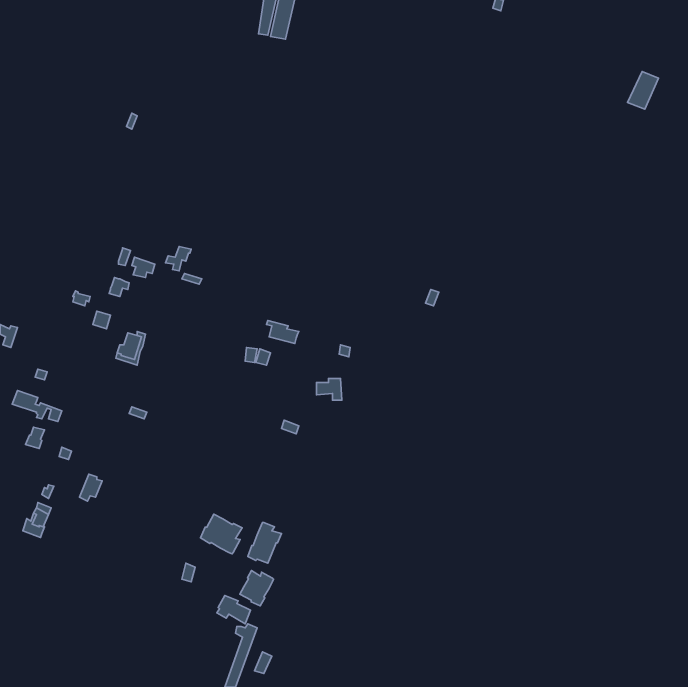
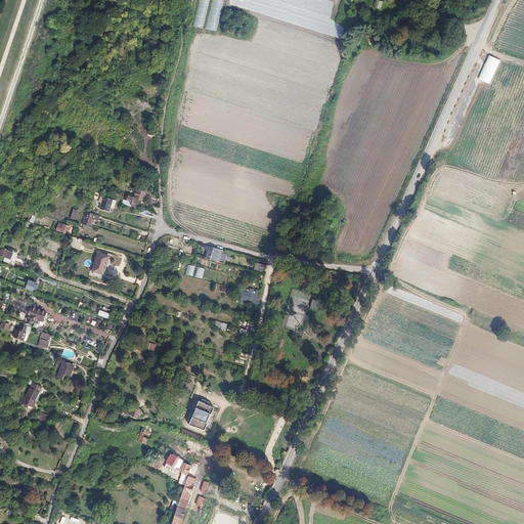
building: [200,514,242,554] -> none
building: [240,570,274,606] -> none

